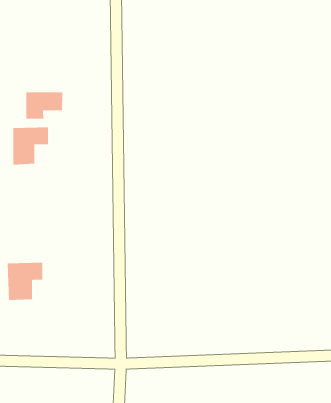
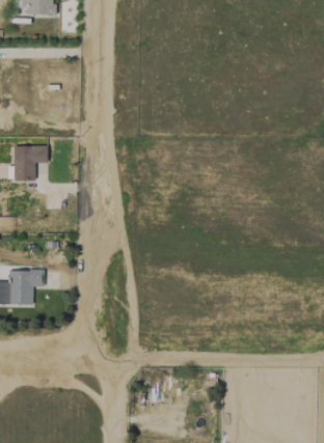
building: [26,91,63,119] -> none

